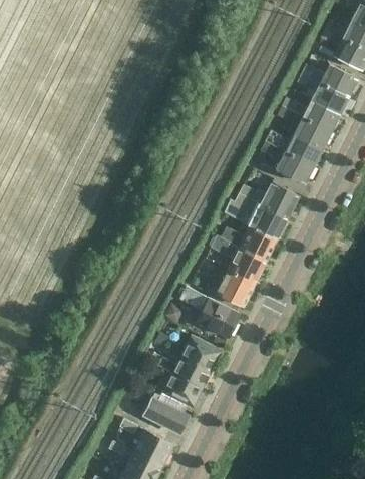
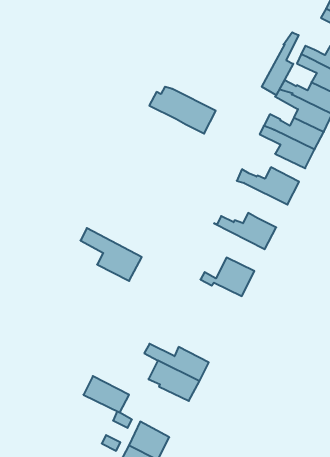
building: none -> [262,32,299,95]
building: [224,195,288,241] -> [149,87,216,134]
building: [212,236,266,283] -> none
building: [180,287,240,338] -> [80,228,142,281]
building: [182,337,222,371] -> none
building: [144,398,189,433] -> [83,376,129,412]

